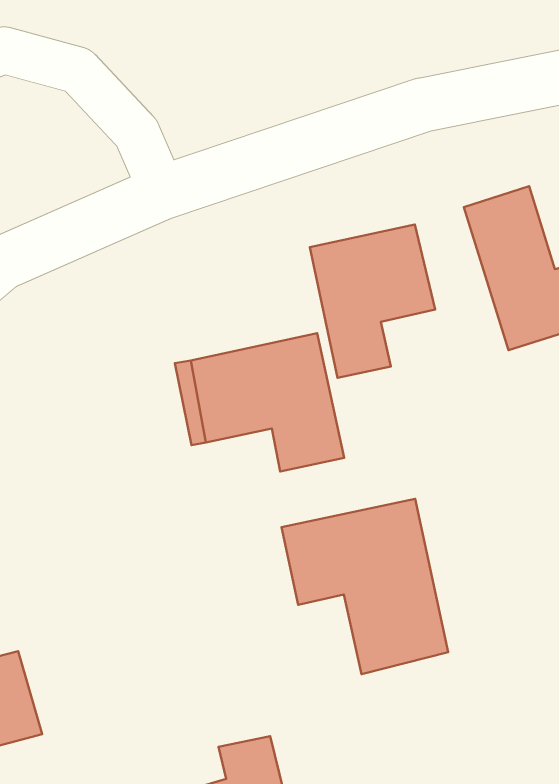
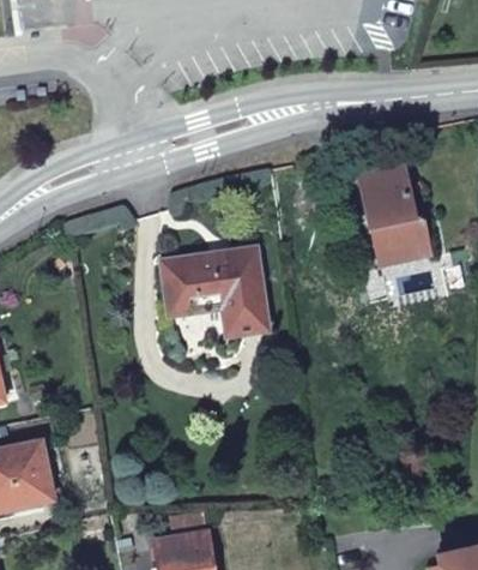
building: [310,225,435,378] -> none
building: [281,499,448,674] -> none

